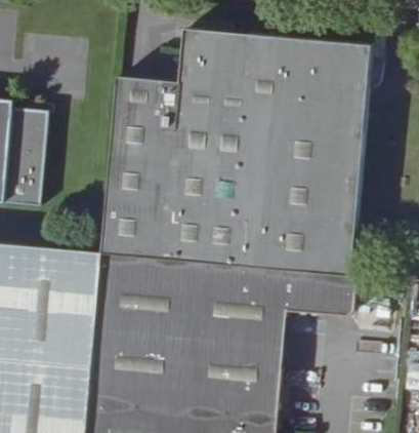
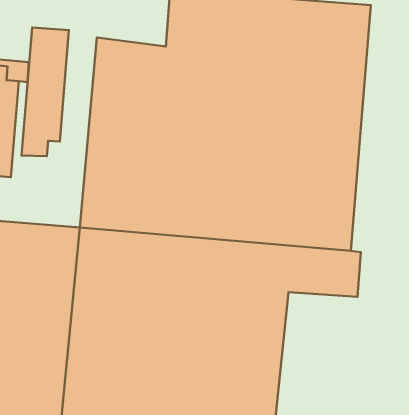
building: none -> [22,28,69,156]

